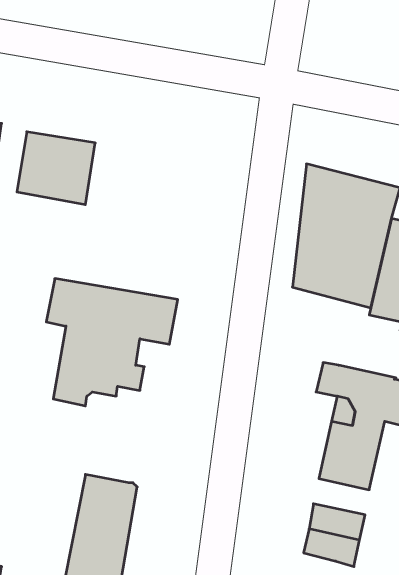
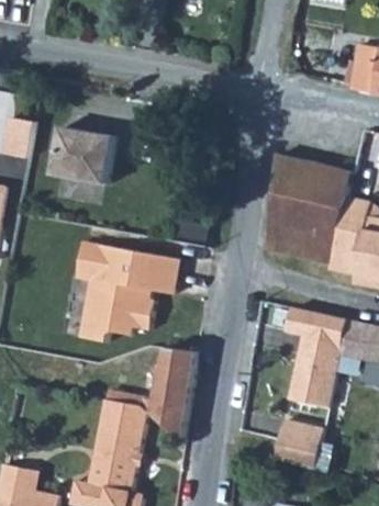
building: none -> [140,344,197,434]

